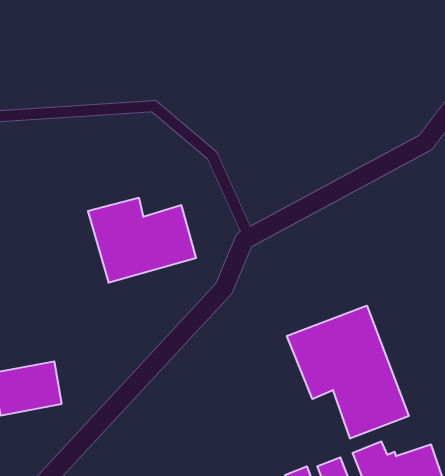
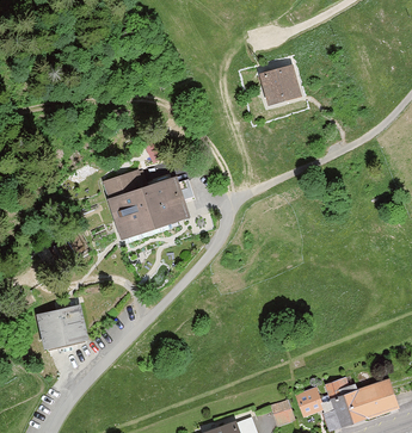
building: none -> [262,68,303,109]
building: [287,306,409,439] -> none

